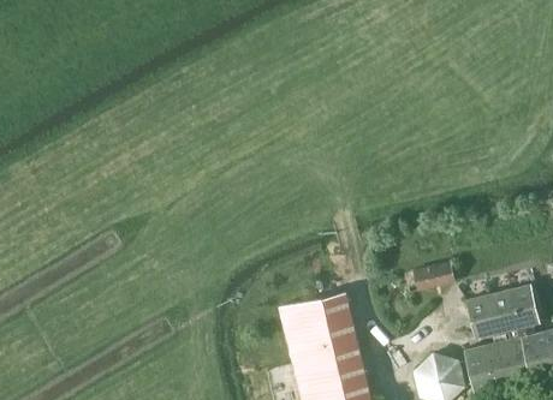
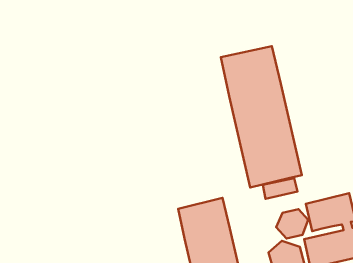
building: none -> [221,46,302,188]
building: none -> [276,209,308,239]

